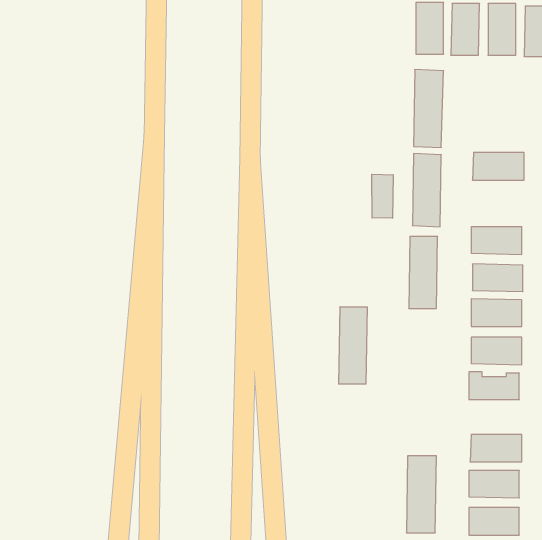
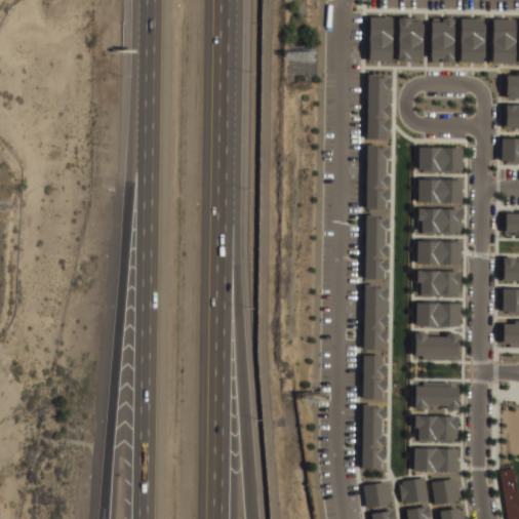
building: [372,174,393,218] -> none
building: none -> [418,178,462,202]
building: [339,307,367,384] -> [364,285,389,351]
building: none -> [363,356,387,398]

